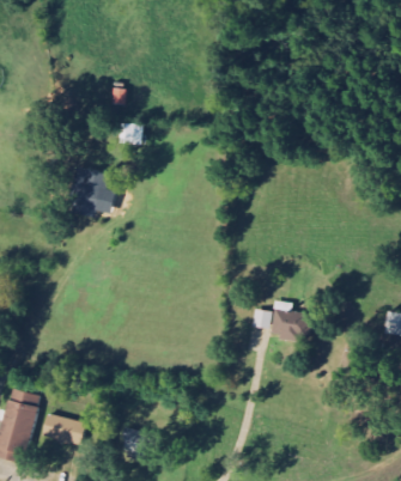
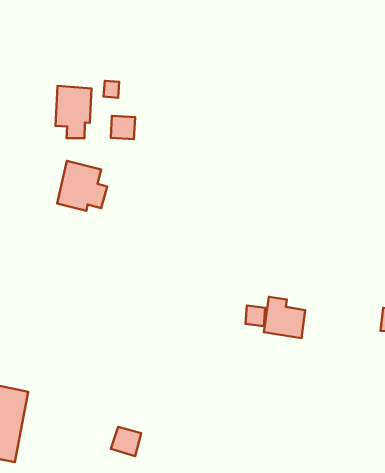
building: none -> [55,86,92,138]
building: [41,414,84,445] -> none

